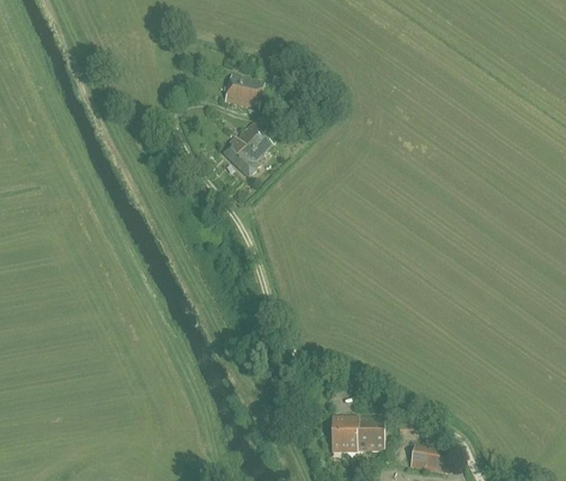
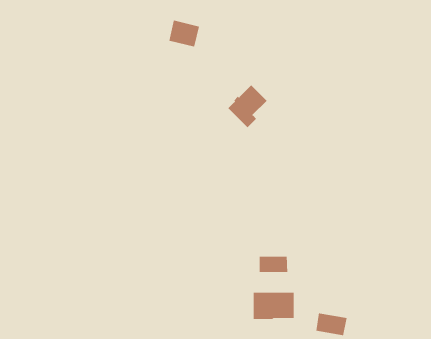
building: [223,122,273,177] -> [228,85,267,128]
building: none -> [259,256,288,273]

